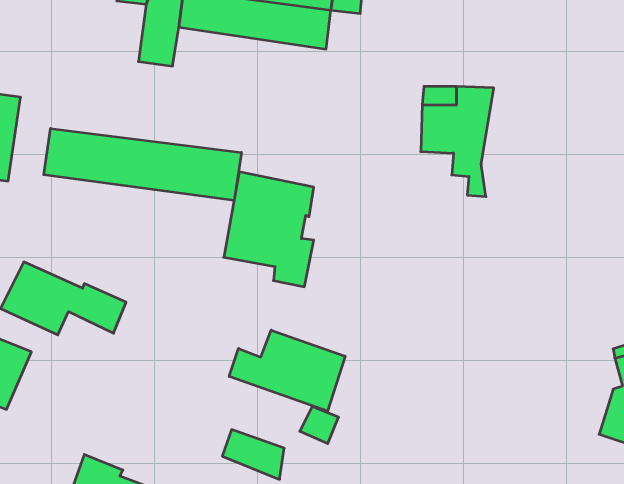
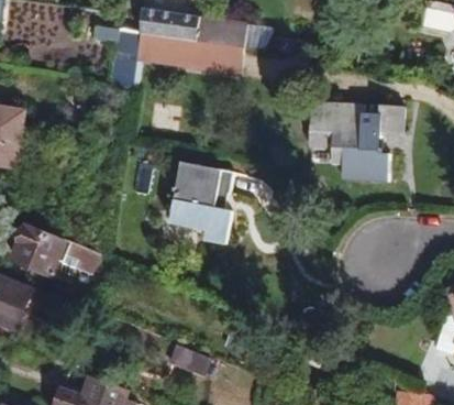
building: none -> [352,102,406,182]
building: [44,128,241,201] -> none
building: [229,330,345,411] -> none

